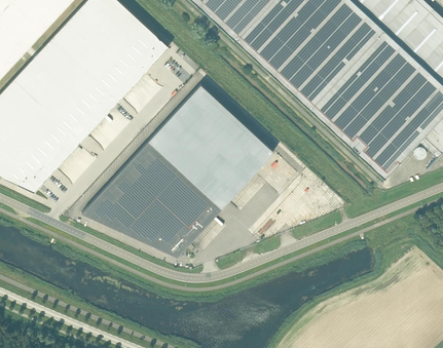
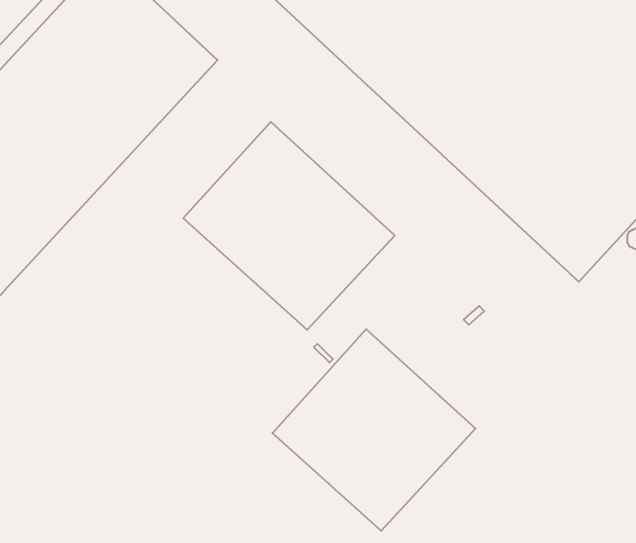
building: [82,141,222,256] -> none
building: none -> [272,329,476,531]

